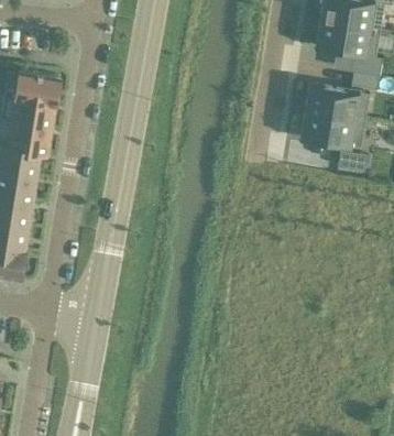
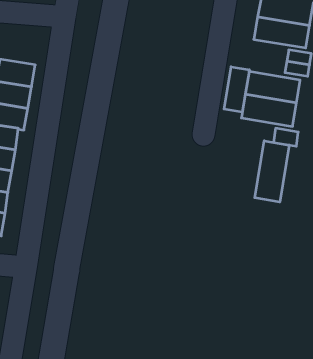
building: none -> [224,67,249,112]
building: none -> [255,141,289,202]

